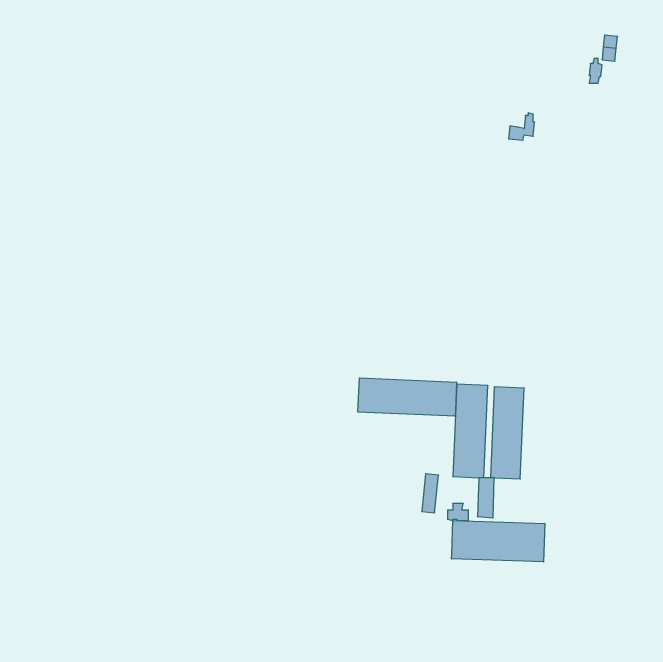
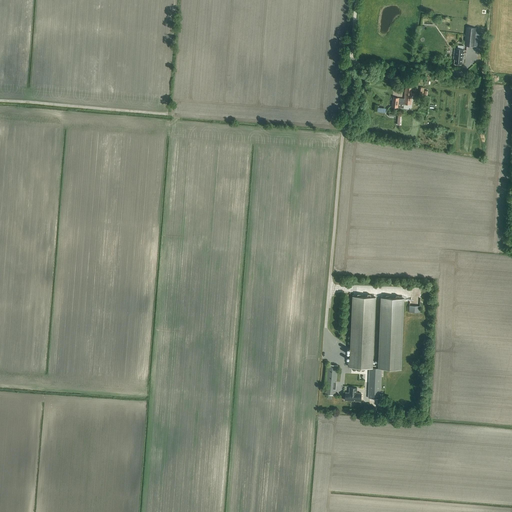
building: [358,378,457,416] -> none
building: [452,521,545,562] -> none

